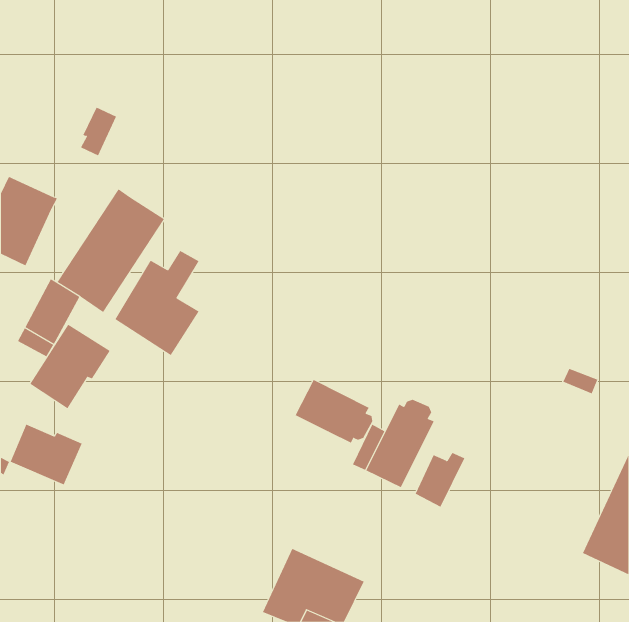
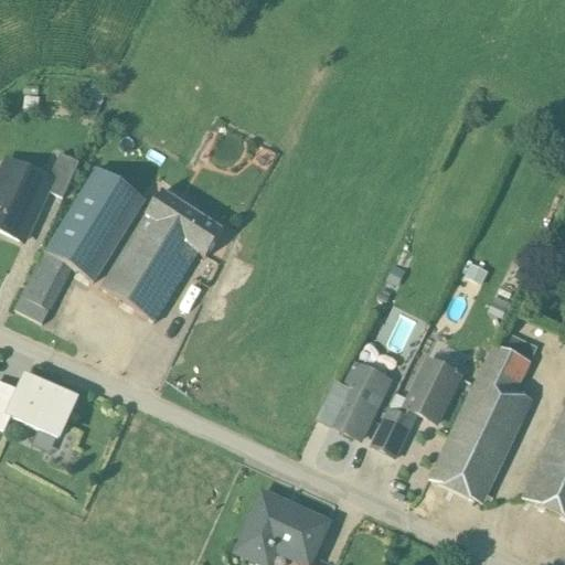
building: [80,107,117,156] -> [46,151,79,195]
building: none -> [135,190,225,279]
building: [29,324,111,409] -> none
building: [295,379,373,443] -> none
building: none -> [430,341,535,502]
building: none -> [405,358,460,420]

